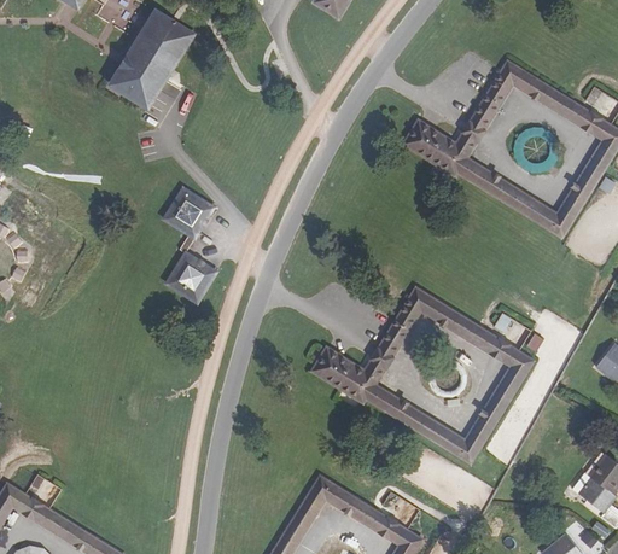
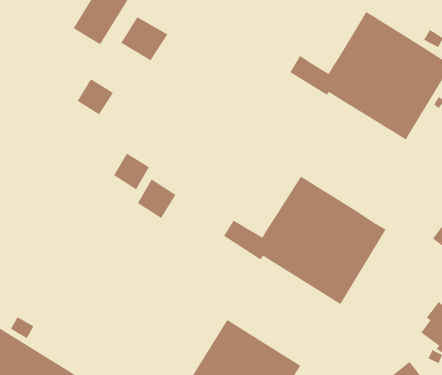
building: none -> [121,17,168,61]
building: [163,187,212,237] -> [77,78,114,115]
building: none -> [137,179,176,219]

